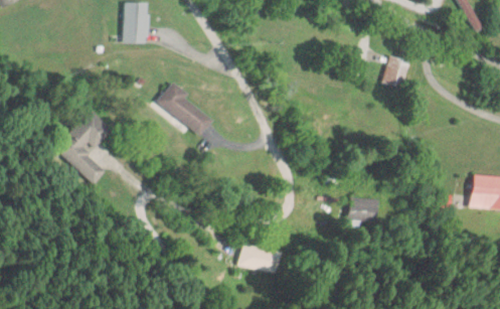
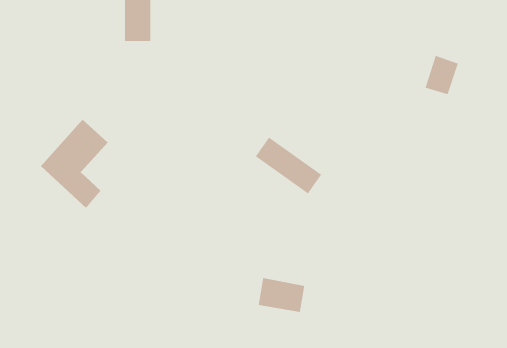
building: [157,84,214,133] -> [255,137,322,194]
building: [344,196,374,227] -> none

